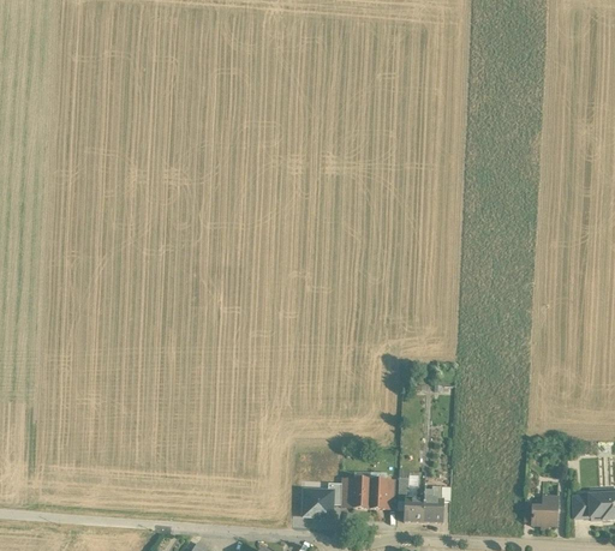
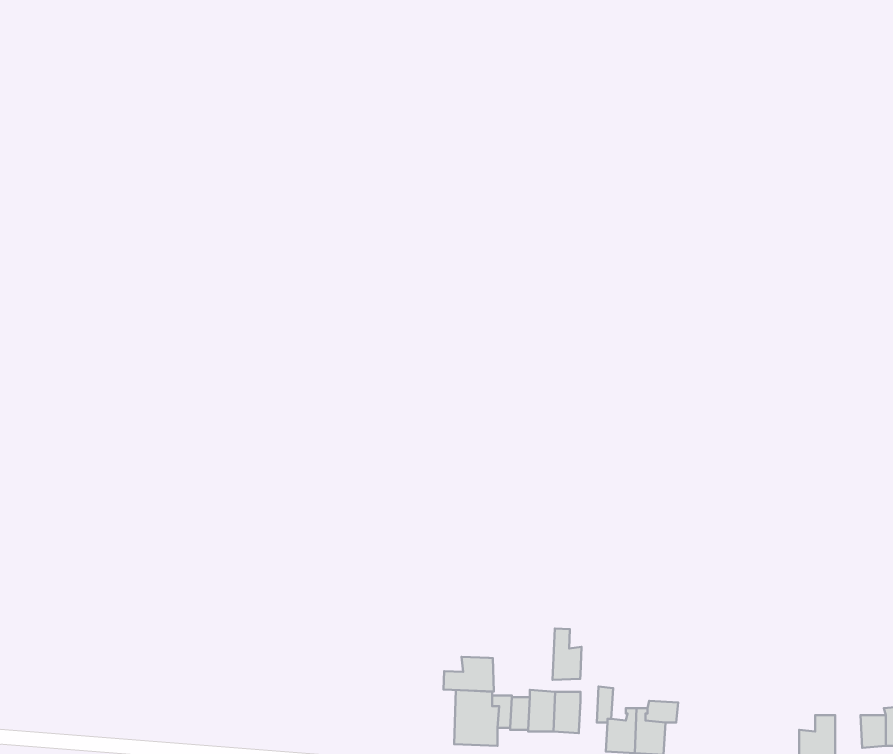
building: none -> [552,628,582,680]
building: none -> [443,657,494,692]

